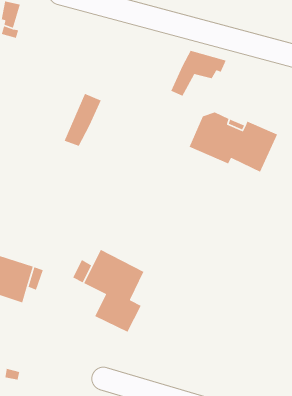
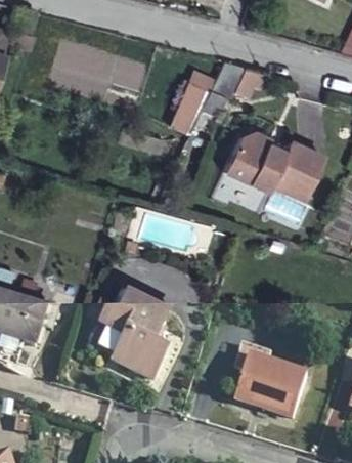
building: [64,93,102,147] -> [170,71,213,131]
building: none -> [236,356,306,417]

